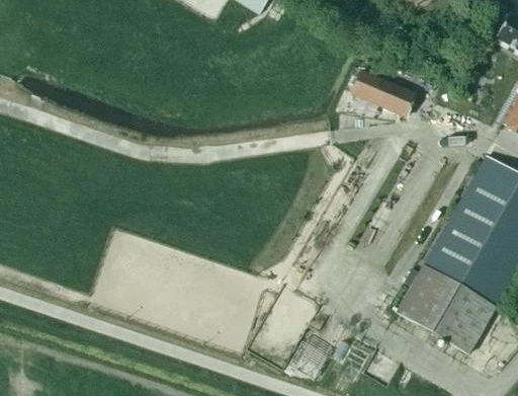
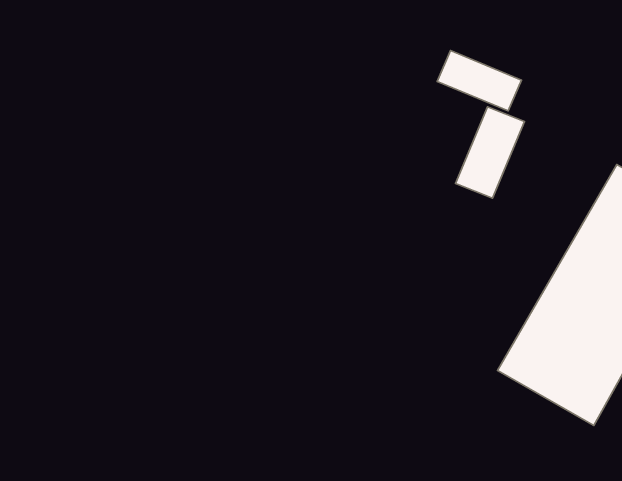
building: none -> [456,107,525,198]

